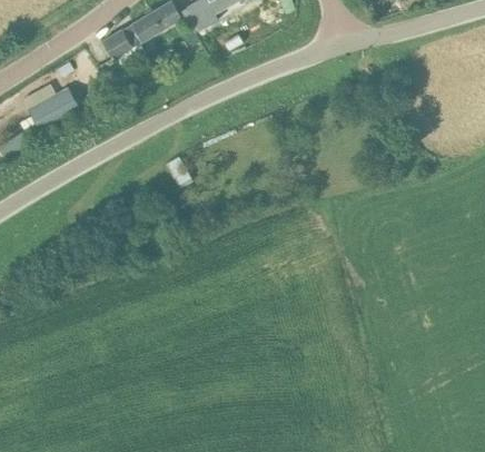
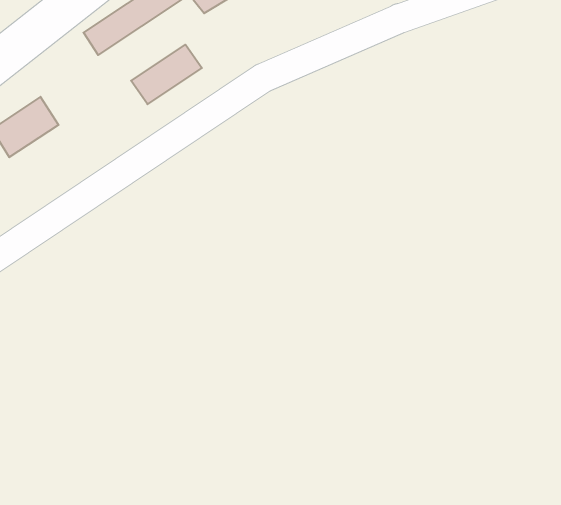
building: none -> [131,45,202,104]

